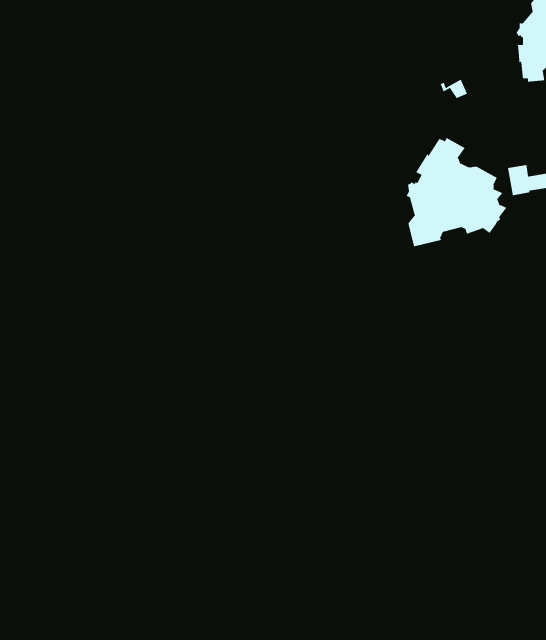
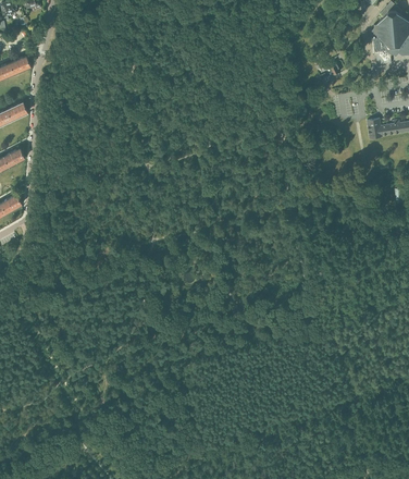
building: [406,137,507,247] -> none

